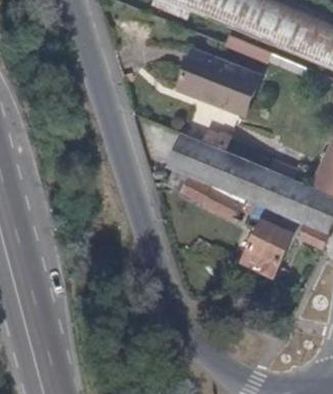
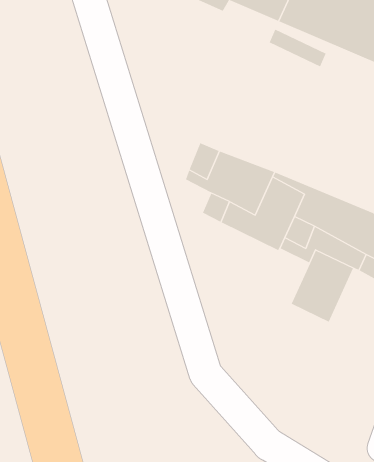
building: [179,49,262,116] -> none

